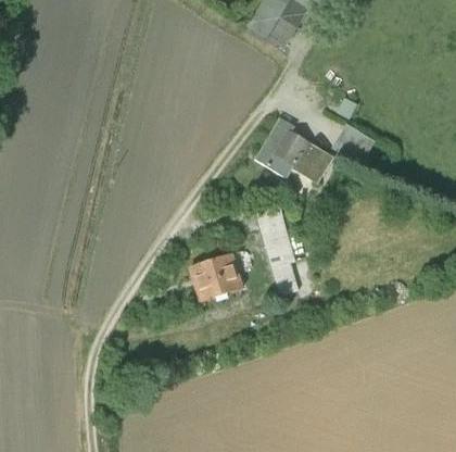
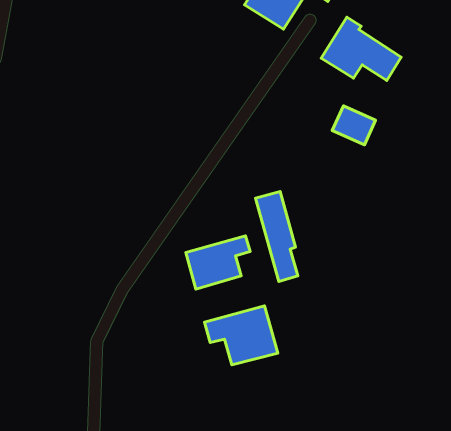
building: [255,118,333,180] -> [321,17,401,81]
building: none -> [205,306,278,365]

